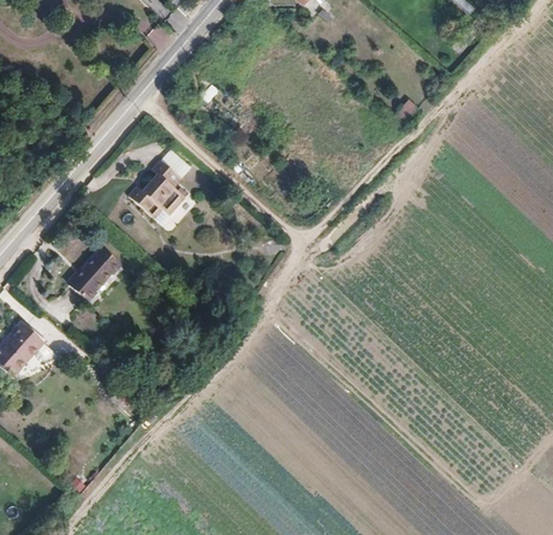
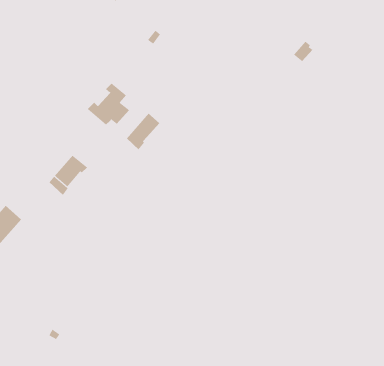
building: none -> [126,113,160,150]

